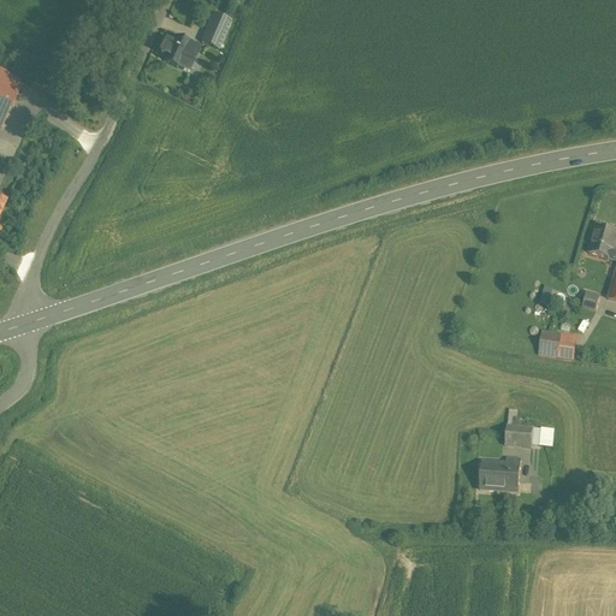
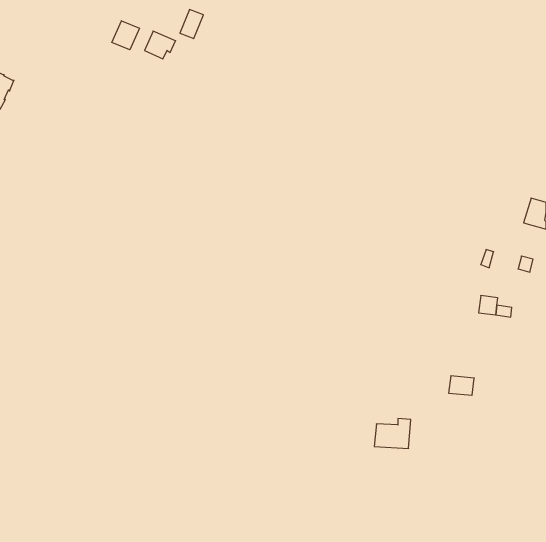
building: none -> [112,21,139,50]
building: [479,454,520,487] -> [374,419,411,448]

